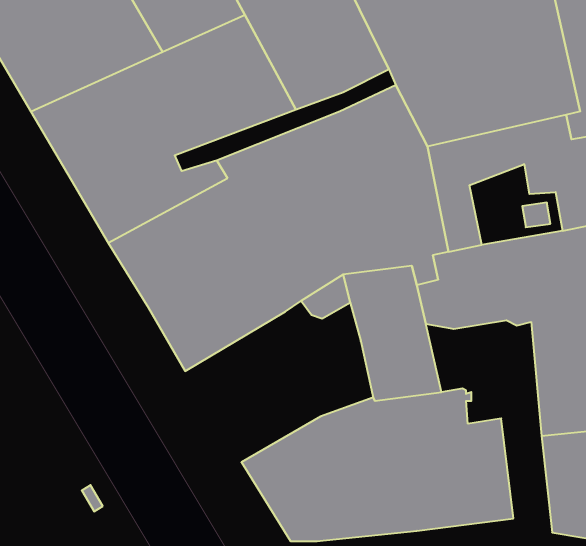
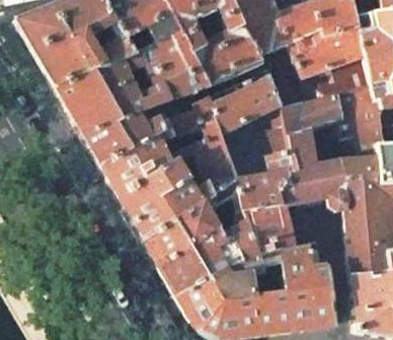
building: none -> [145,203,253,290]

